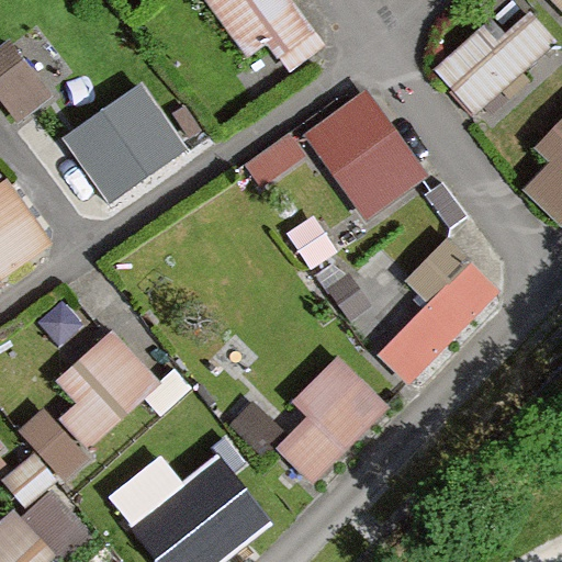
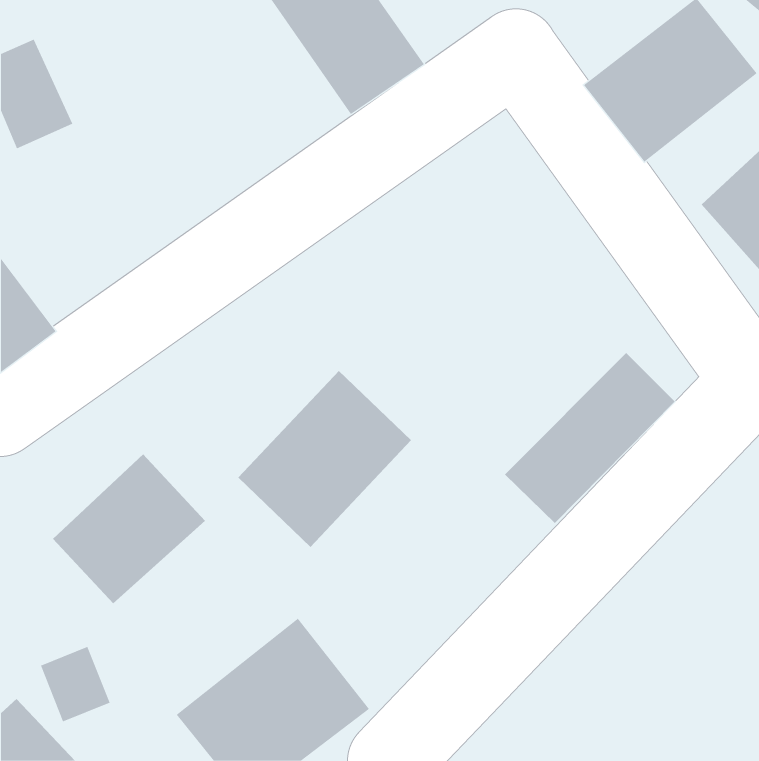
building: [65,82,190,204] -> none
building: [302,93,419,218] -> none
building: [257,356,385,486] -> [237,370,412,548]

